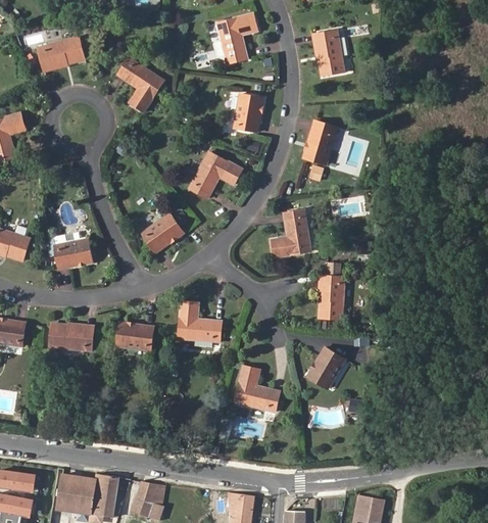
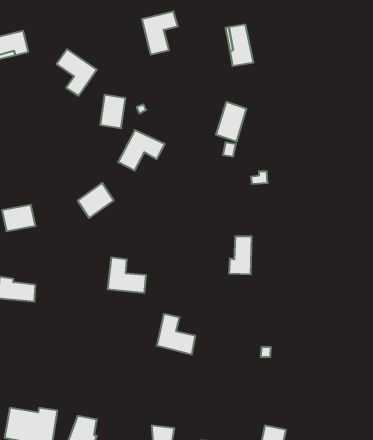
building: [234,93,263,132] -> [100,95,126,128]
building: [271,209,310,256] -> none
building: [116,322,154,349] -> none
building: [306,346,345,388] -> none

